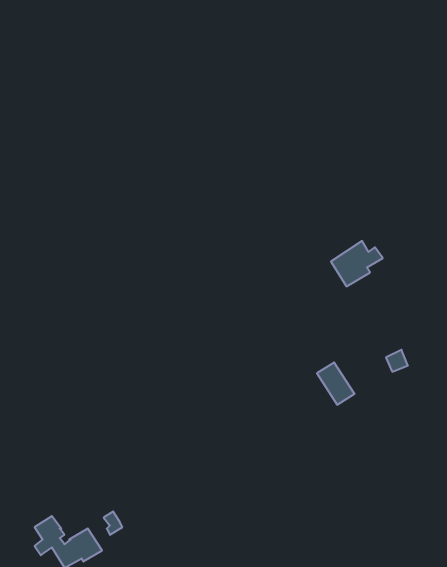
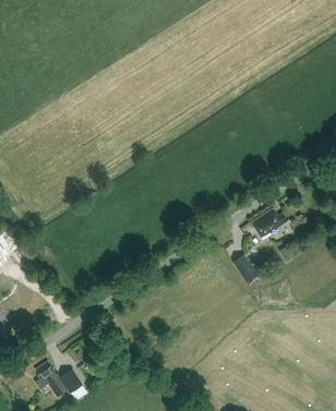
building: [331,241,383,286] -> [252,208,288,240]

